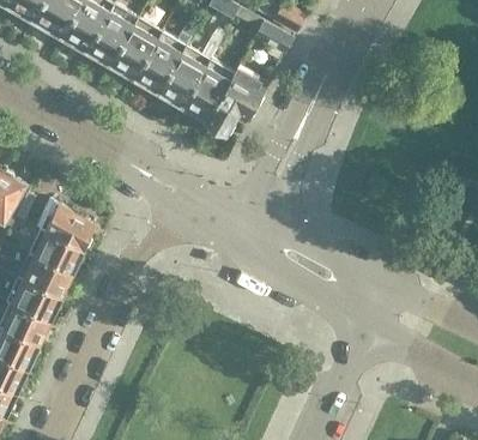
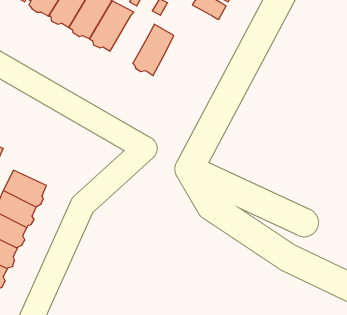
building: [156,46,207,106] -> none
building: [204,66,265,135] -> none
building: [43,204,93,248] -> none

